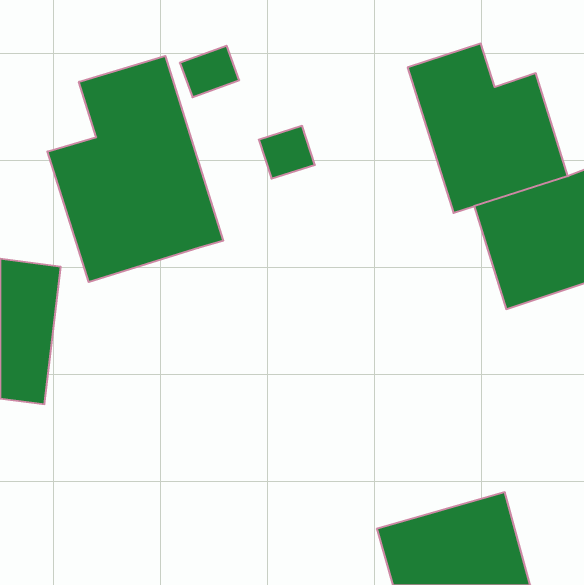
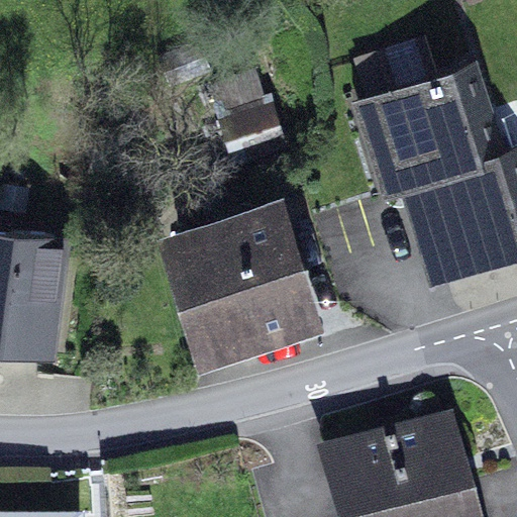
building: [47,56,223,282] -> none
building: none -> [181,214,305,343]

